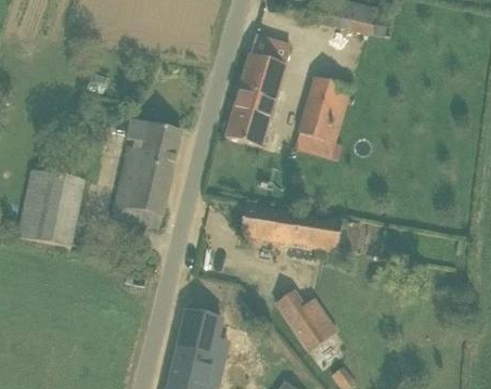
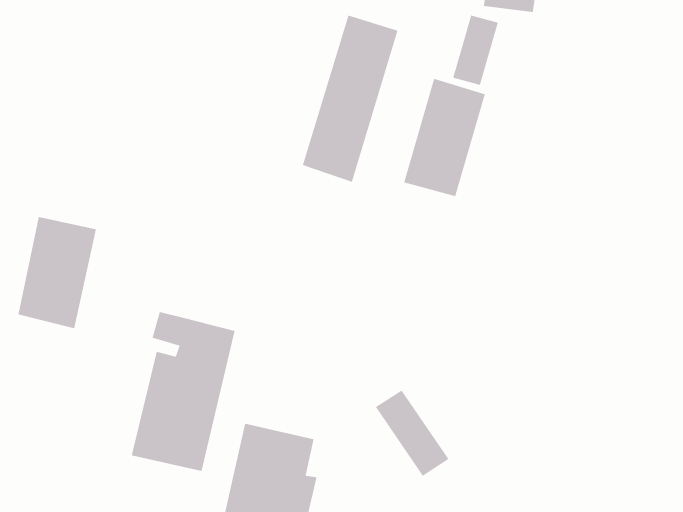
building: none -> [452,15,499,86]
building: [108,117,180,226] -> [131,311,235,472]
building: [236,205,338,249] -> none

